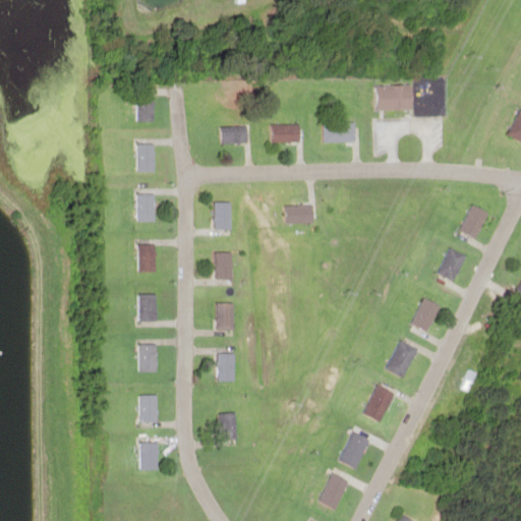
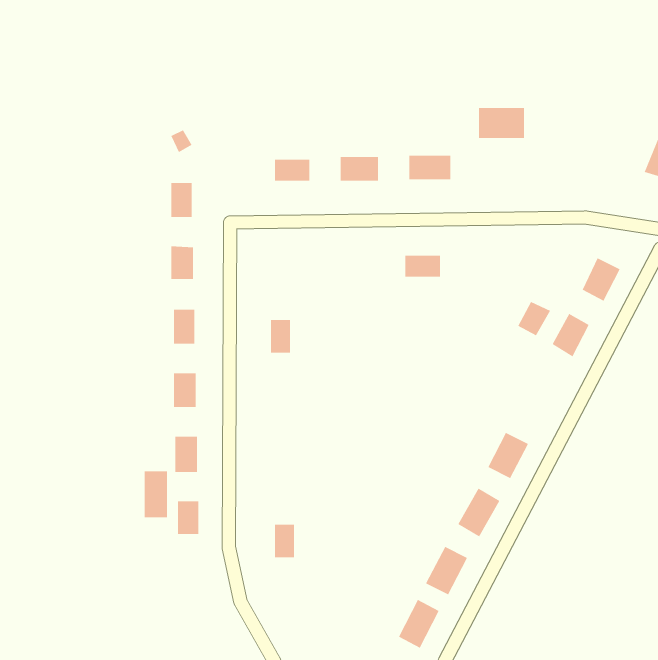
building: [213,202,228,229] -> none
building: [284,206,312,223] -> [405,255,441,277]
building: none -> [517,301,551,336]
building: [411,298,440,332] -> none
building: [215,303,231,330] -> none
building: [216,354,232,382] -> none
building: none -> [144,471,168,518]
building: [139,443,159,469] -> none

